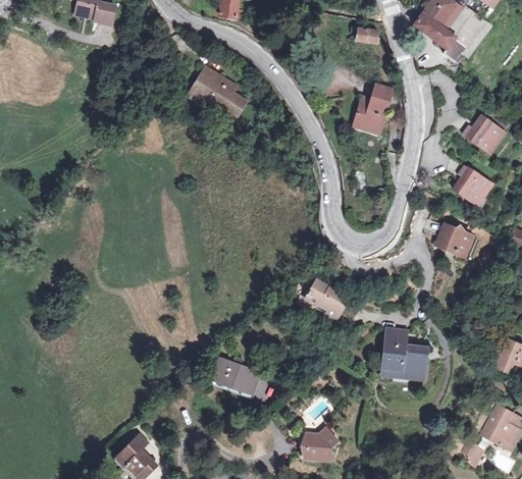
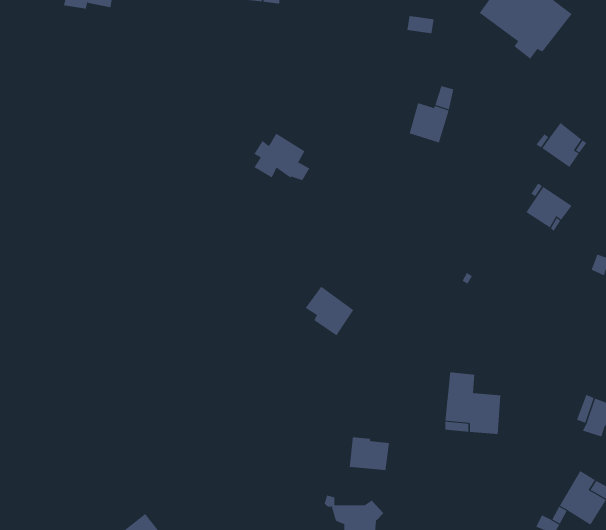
building: [191,70,238,110] -> [254,133,310,181]
building: [438,228,476,260] -> none
building: [305,278,346,320] -> [305,286,354,336]
building: [212,355,262,395] -> none
building: none -> [349,437,390,471]

